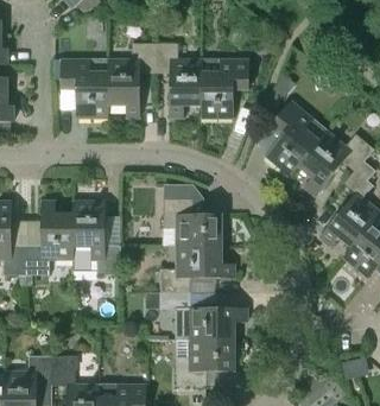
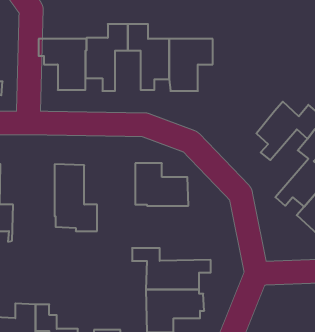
building: [266,100,327,175] -> none
building: [25,199,72,285] -> none
building: [159,246,234,293] -> none

